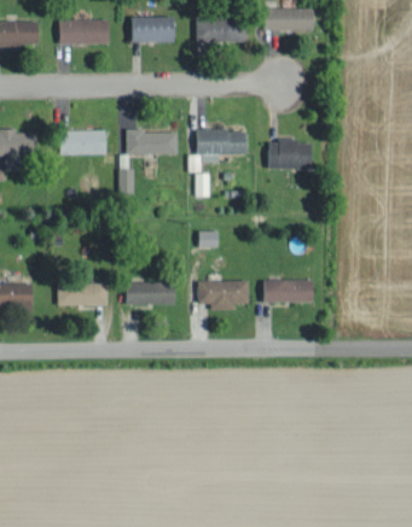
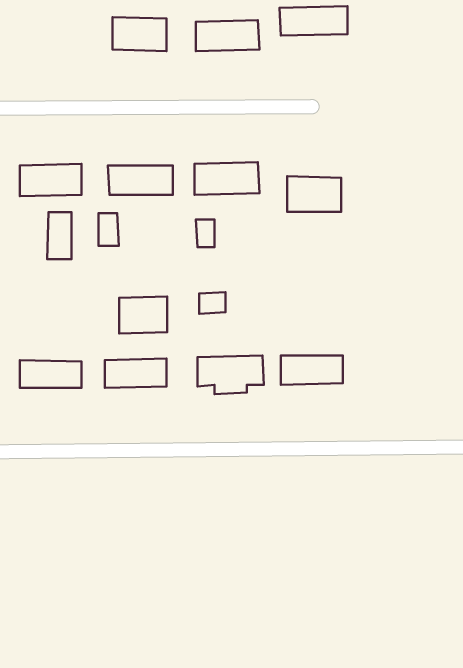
building: [60,19,111,43] -> none
building: none -> [47,212,71,259]
building: none -> [119,297,167,333]

